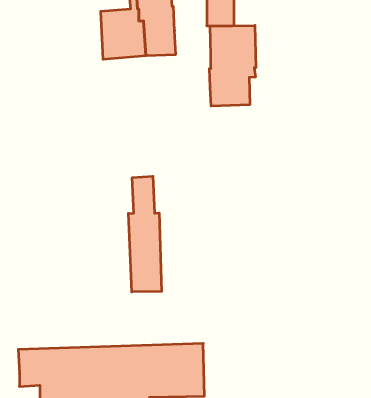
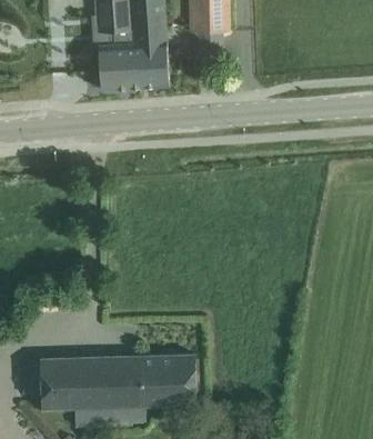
building: [209,25,256,106] -> none
building: [128,176,162,292] -> none

